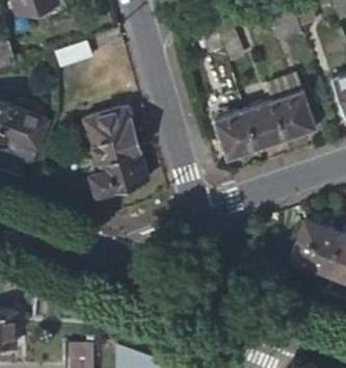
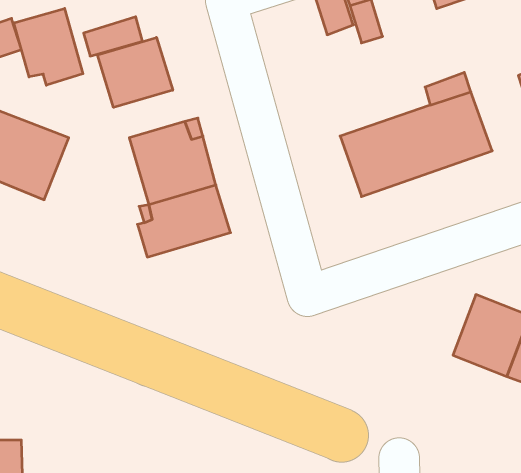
building: none -> [14,8,83,85]
building: none -> [97,37,173,107]

